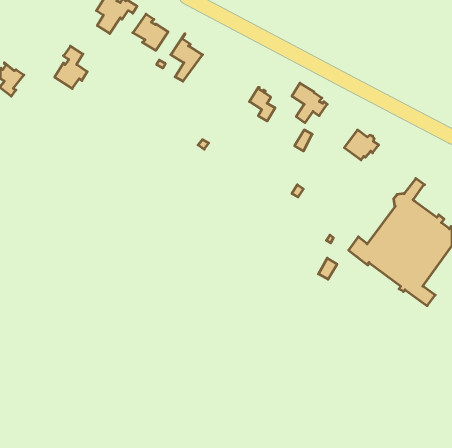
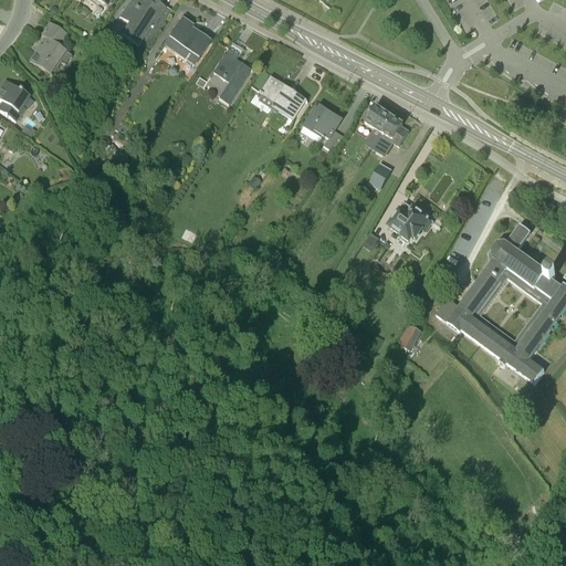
building: [55,46,87,89] -> [30,21,71,74]
building: none -> [259,81,306,119]
building: [344,130,379,160] -> [388,201,431,239]

